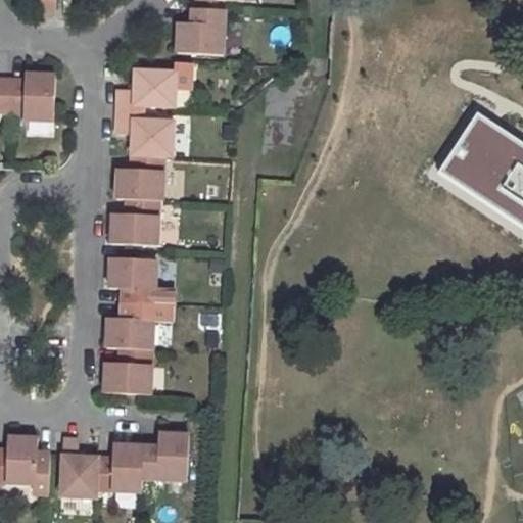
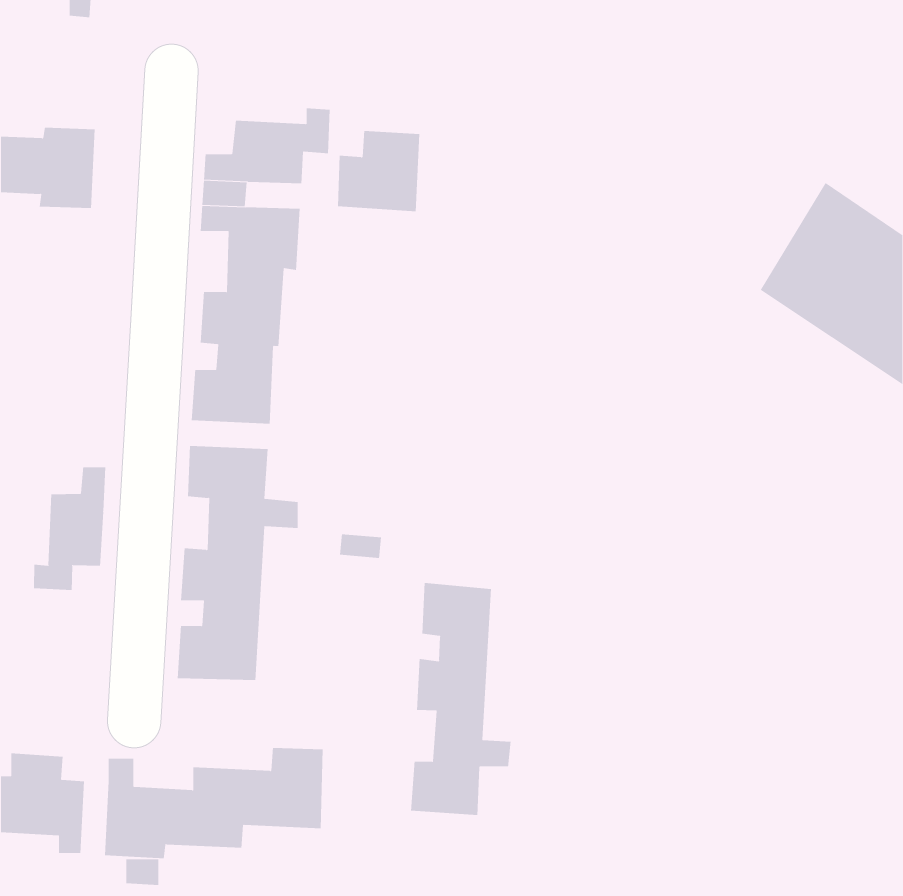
building: [177,8,225,55] -> [337,130,420,212]
building: none -> [33,466,106,591]
building: none -> [410,582,511,816]

